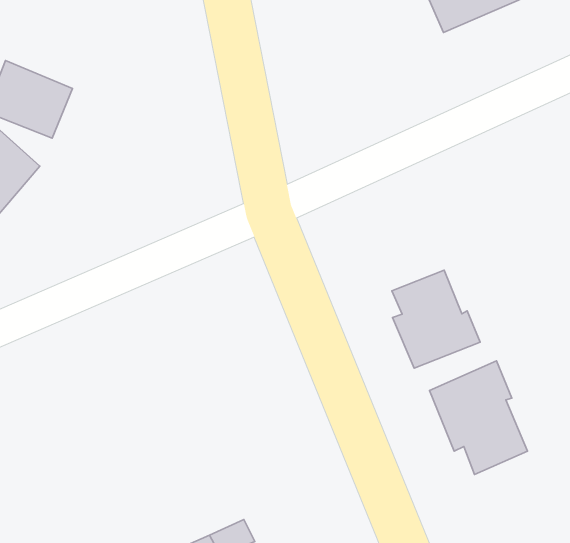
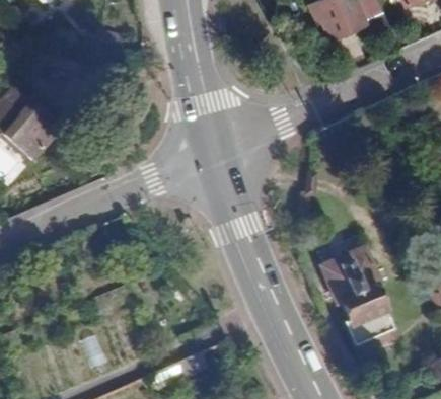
building: [392,270,480,368] -> none
building: none -> [349,306,392,342]

